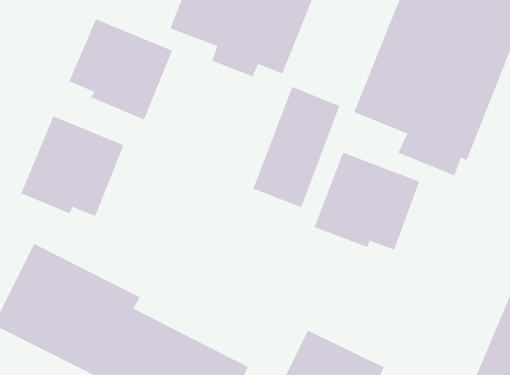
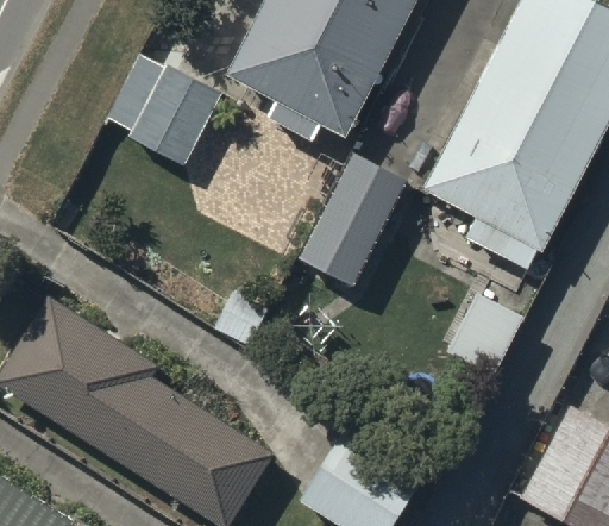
building: [20,115,124,217] -> none
building: [314,152,420,251] -> none

